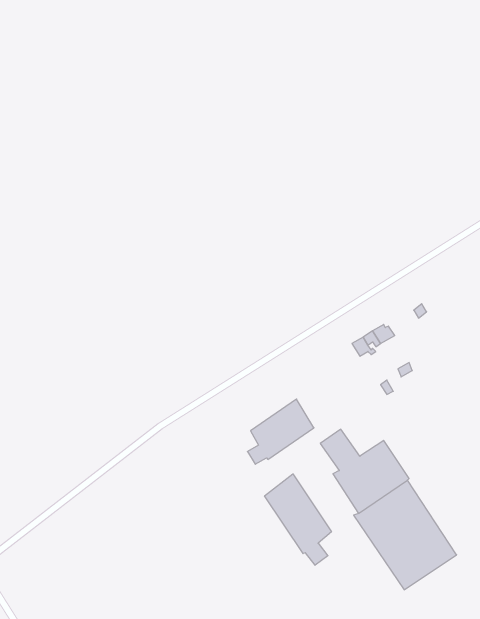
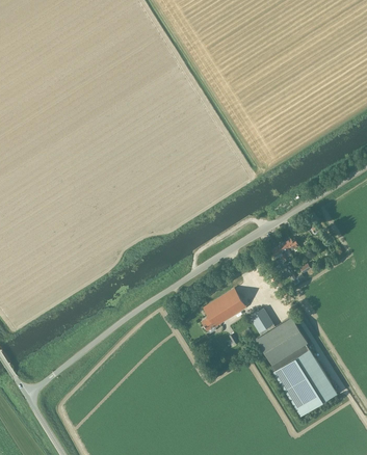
building: [265,474,331,565] -> none

